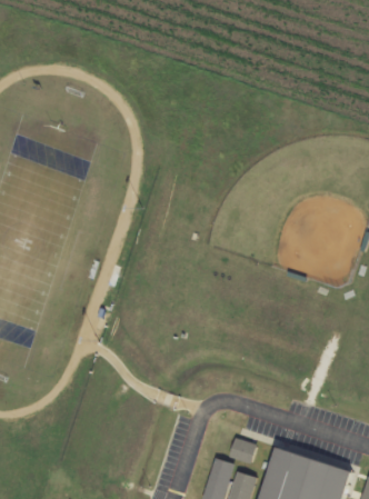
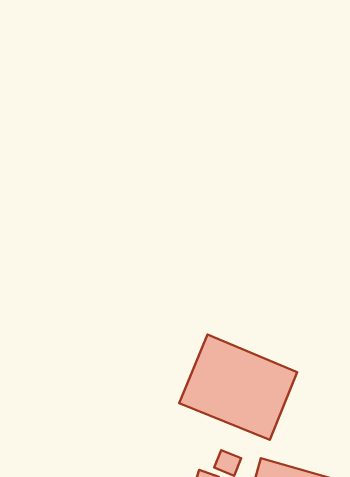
building: none -> [179,334,297,440]

